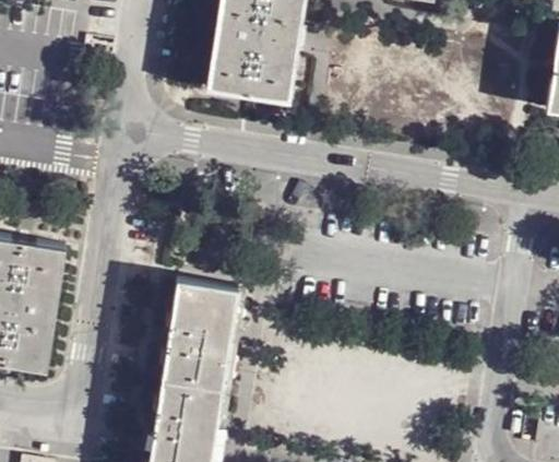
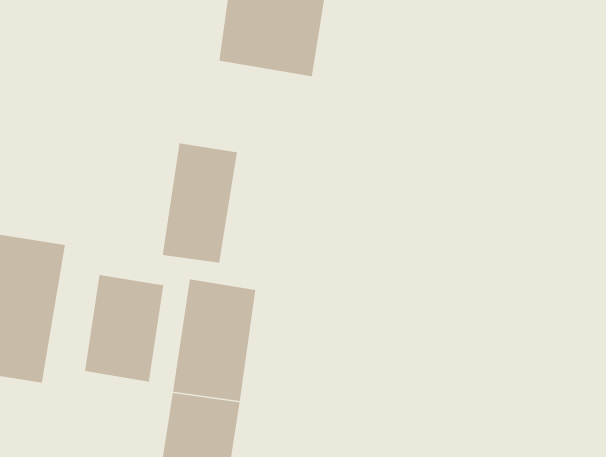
building: none -> [162,142,238,264]
building: none -> [84,274,164,382]

